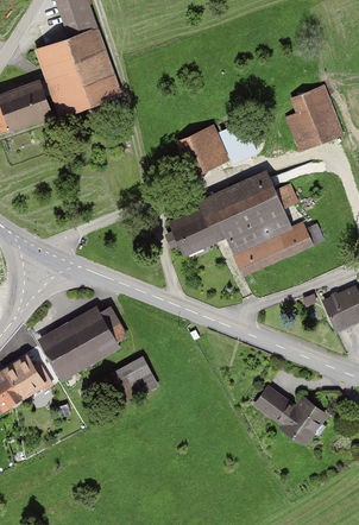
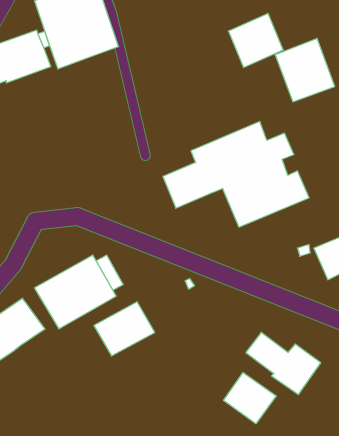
building: [174,126,229,181] -> [228,13,283,67]
building: none -> [224,373,276,424]

